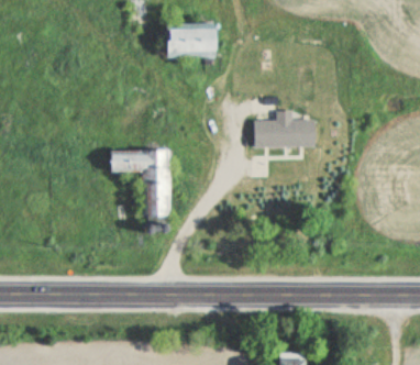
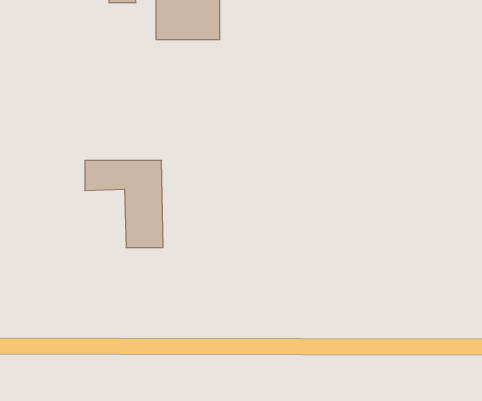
building: [255,115,316,148] -> none

